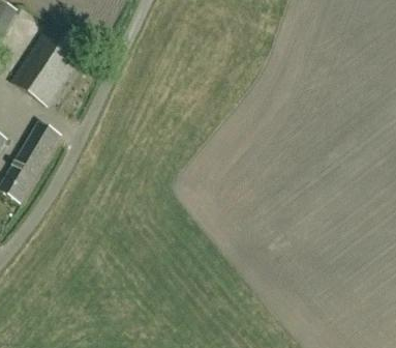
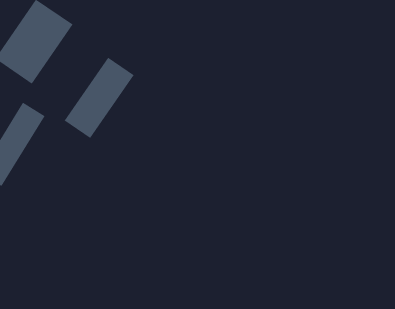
building: none -> [64,57,134,139]

